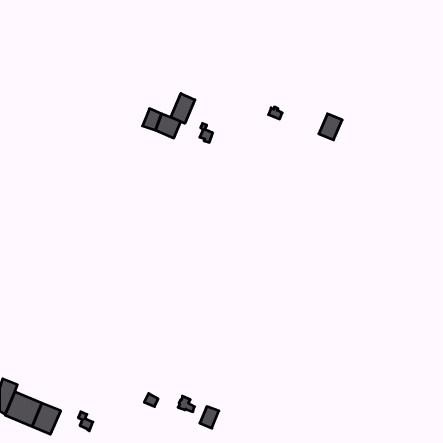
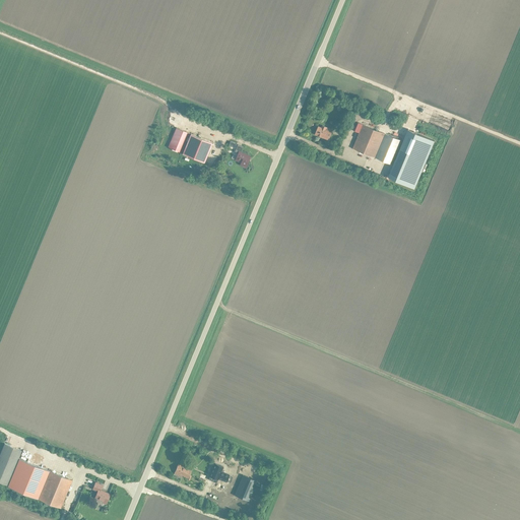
building: [171,93,195,123] -> none
building: none -> [351,125,383,157]
building: none -> [387,130,434,189]

